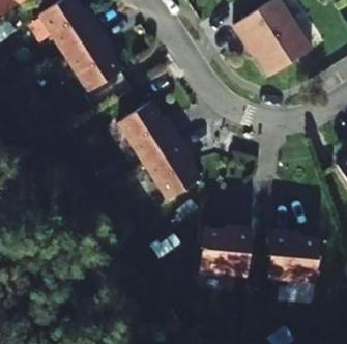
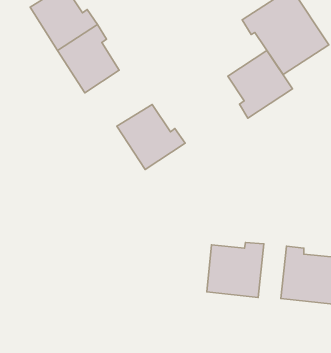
building: none -> [228,51,292,118]
building: [144,138,200,200] -> none

